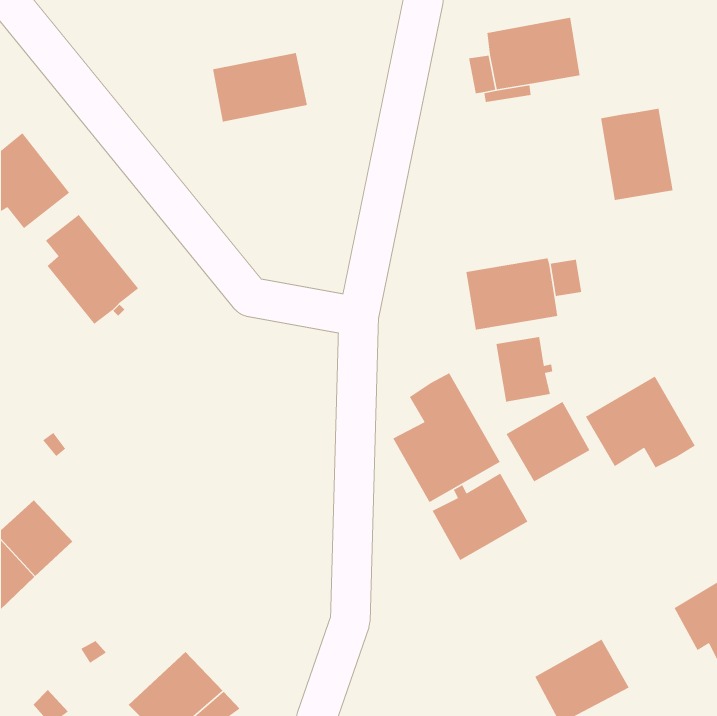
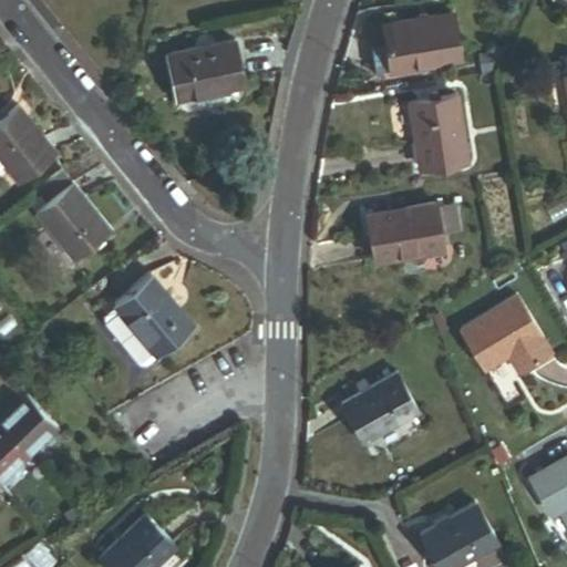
building: [600,108,673,201] -> [410,99,467,172]
building: [496,336,553,403] -> none
building: none -> [103,274,194,367]
building: [392,372,501,503] -> none
building: [505,401,590,483] -> none

